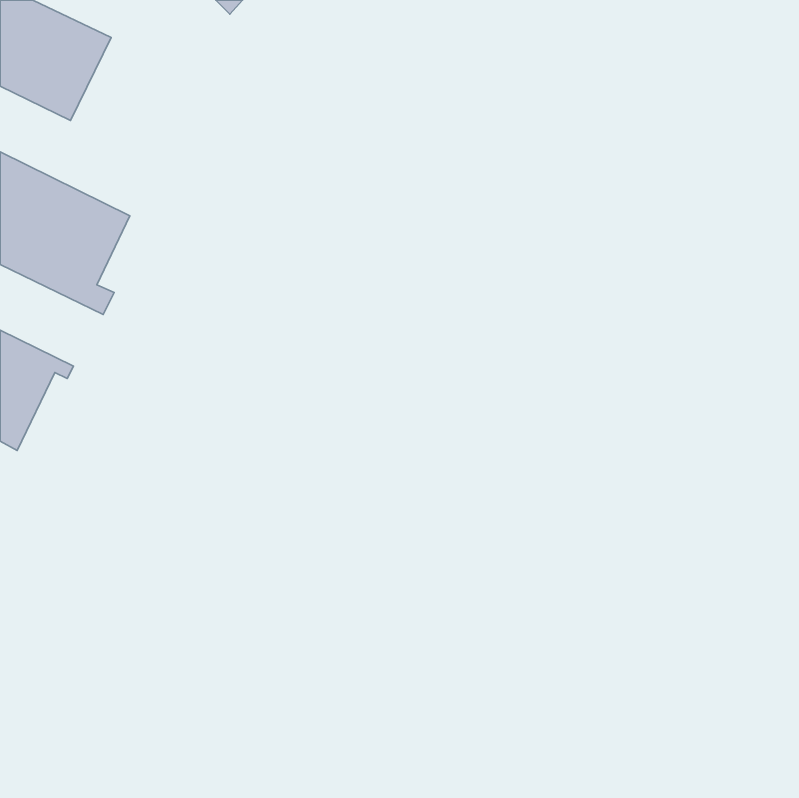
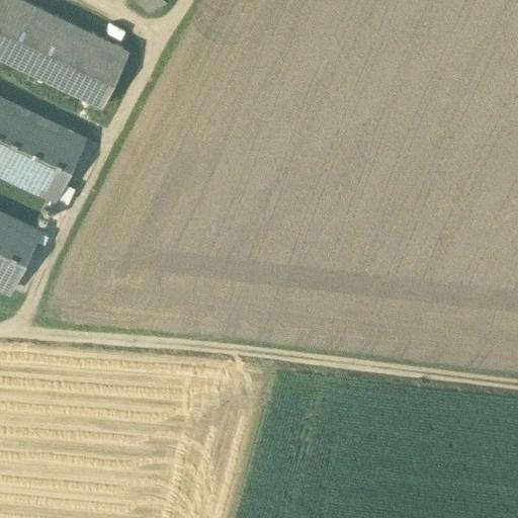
building: none -> [46,25,127,106]

